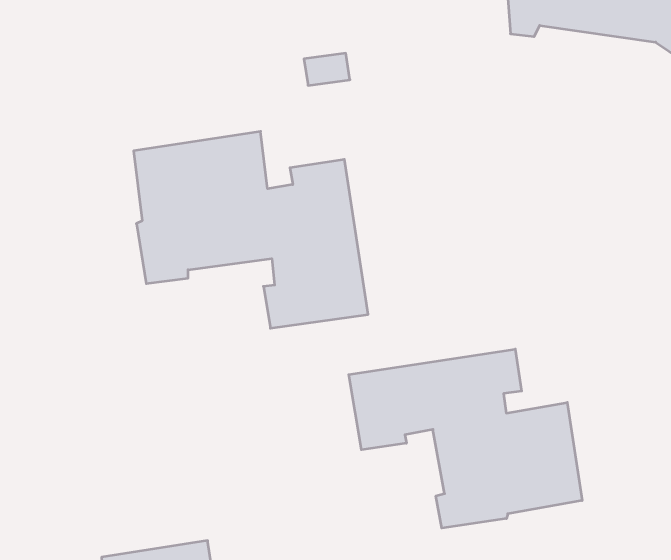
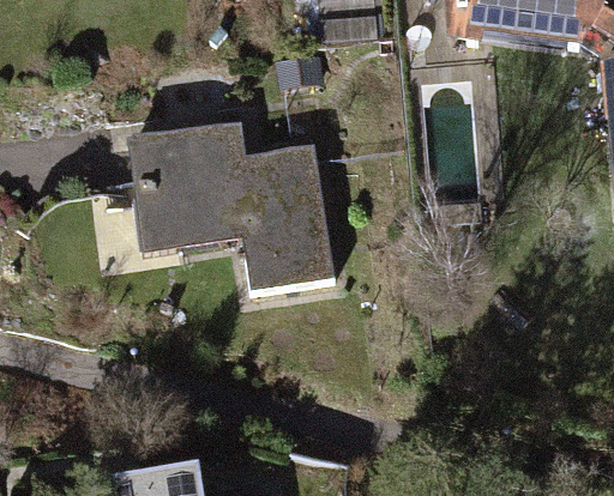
building: [349,349,582,528] -> none

